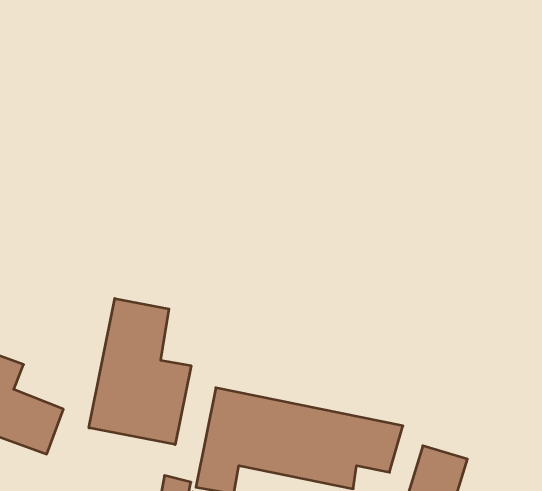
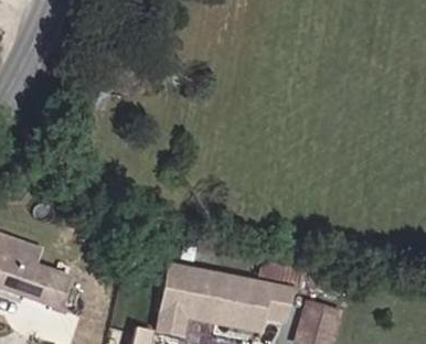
building: [89,298,191,445] -> none

